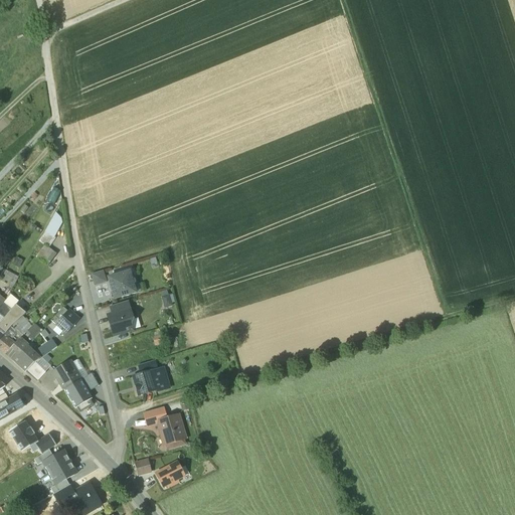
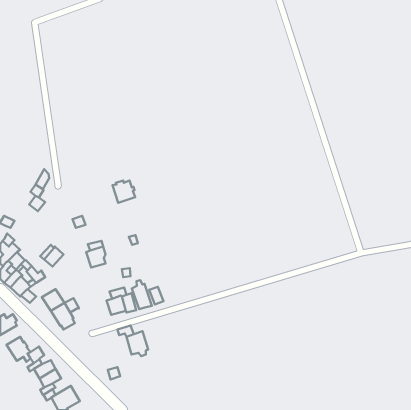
building: [109,270,137,298] -> [113,180,135,203]
building: none -> [132,280,152,309]
building: [157,462,185,486] -> none

